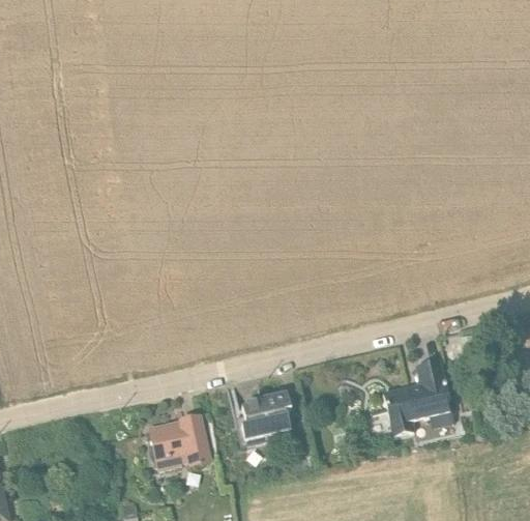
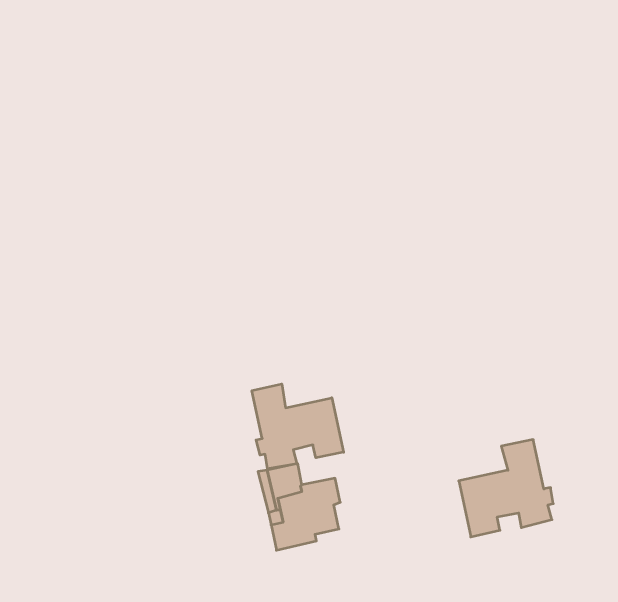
building: none -> [252,384,344,469]
building: [150,415,210,469] -> none

